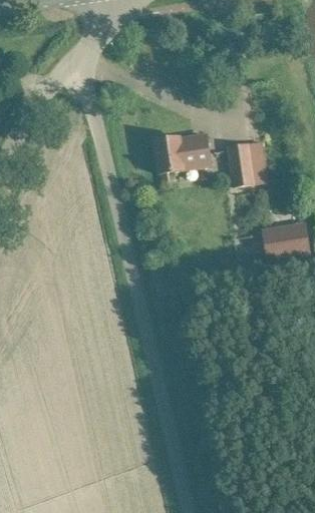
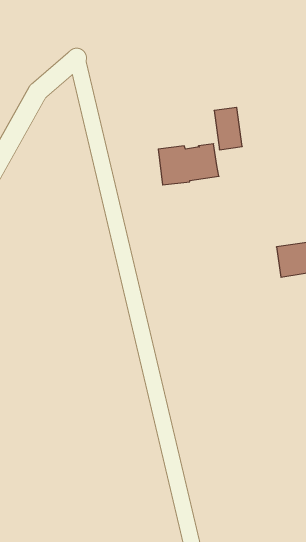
building: [229,146,255,185] -> [214,107,242,150]

